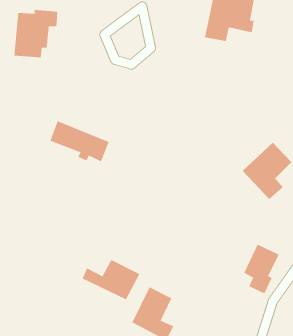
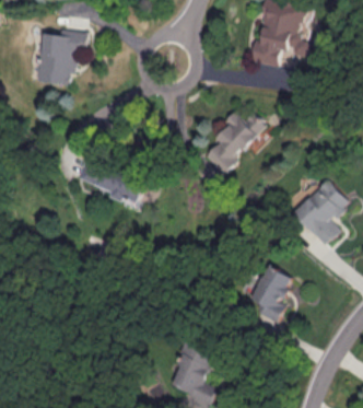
building: none -> [203,110,267,173]
building: [244,244,279,294] -> [253,266,293,323]
building: [82,259,140,300] -> none

